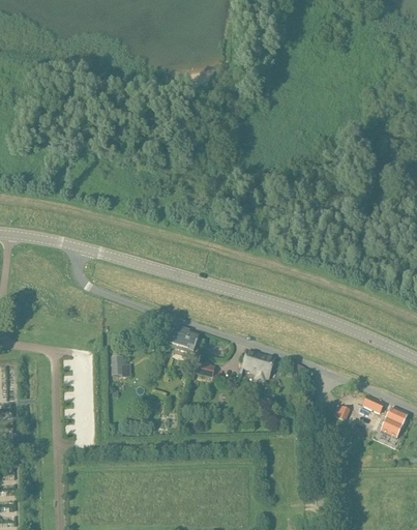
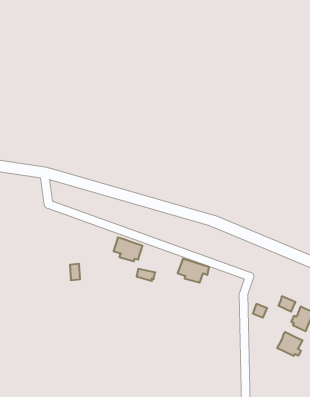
building: none -> [277,332,303,356]

